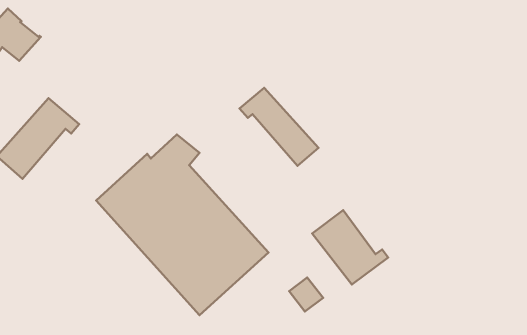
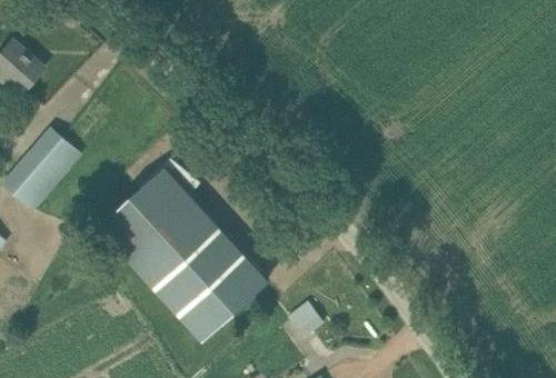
building: [240,88,318,166] -> none
building: [312,210,388,285] -> none

